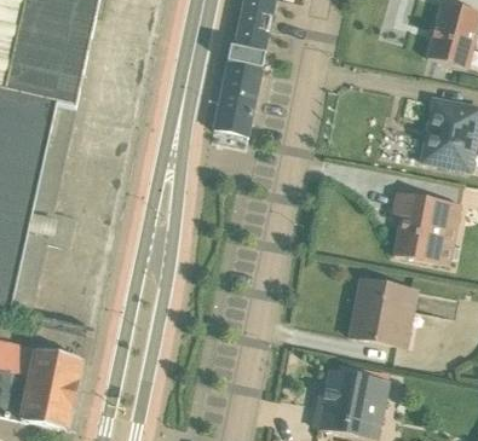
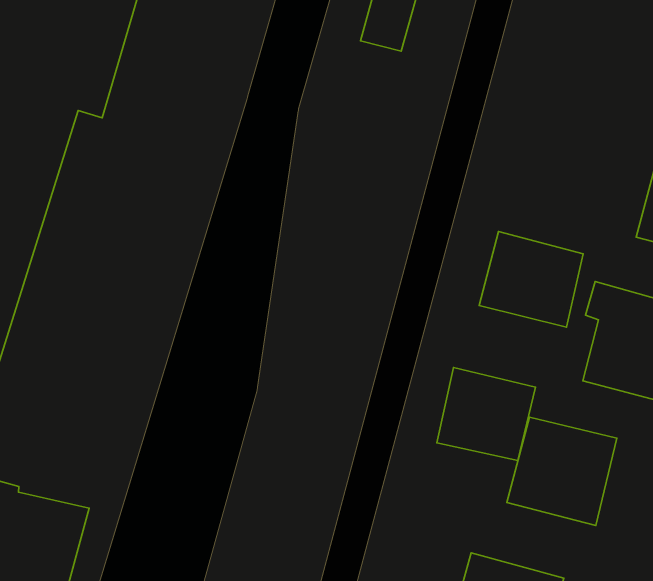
building: [219,46,263,135] -> none
building: none -> [479,232,583,327]
building: none -> [437,367,536,460]

